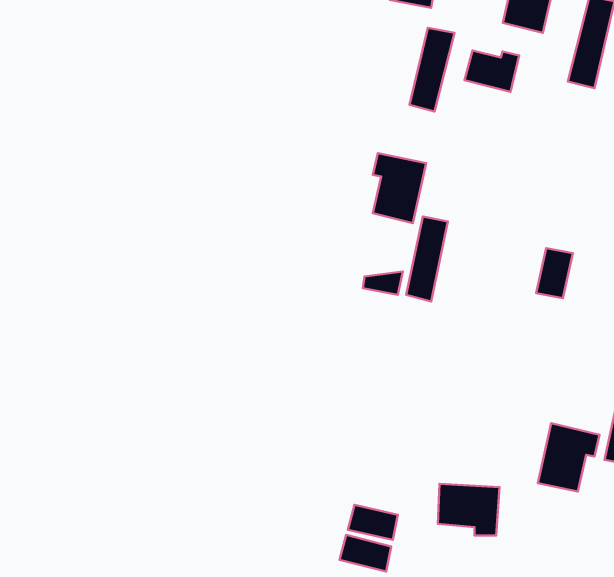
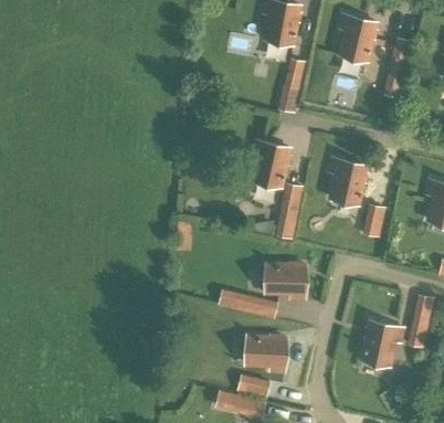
building: [464,50,519,92] -> none
building: none -> [330,159,366,204]
building: none -> [265,265,305,299]
building: none -> [231,292,278,319]
building: [438,484,499,535] -> [245,337,286,371]

